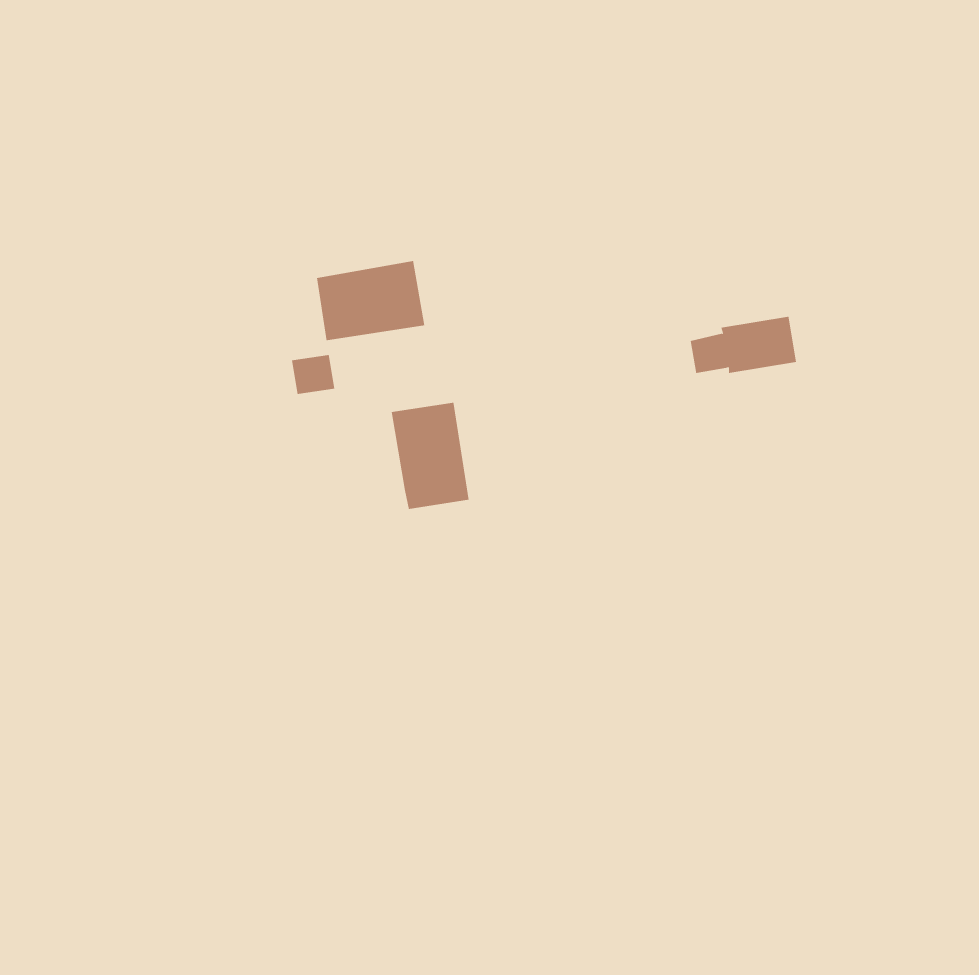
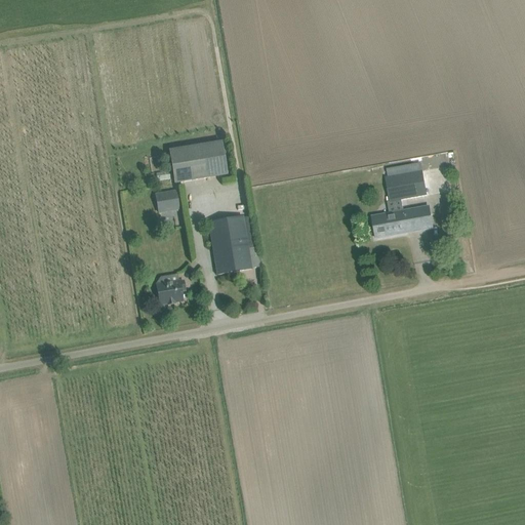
building: none -> [372,204,433,236]
building: none -> [156,273,185,304]

